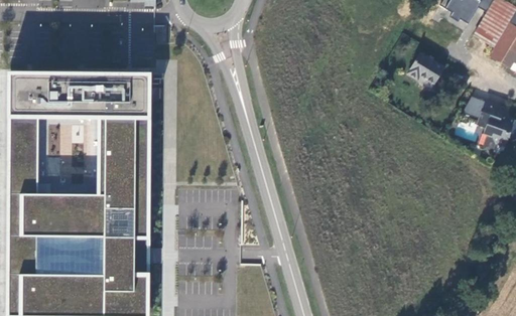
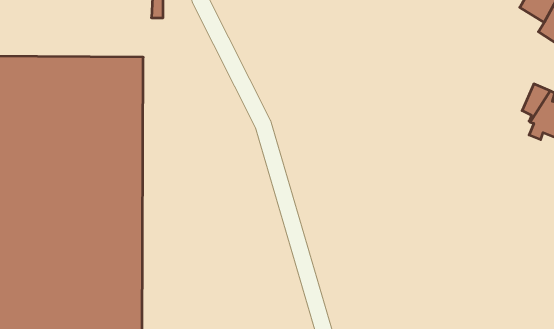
building: [407,52,447,86] -> none

